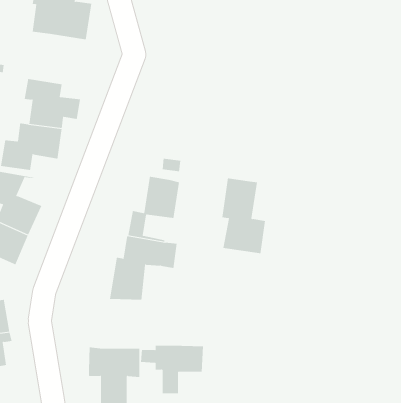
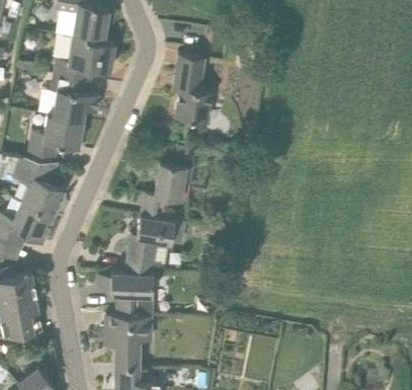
building: none -> [52,36,114,81]
building: [221,178,266,254] -> [173,55,213,123]
building: [140,345,204,394] -> [97,272,154,316]

